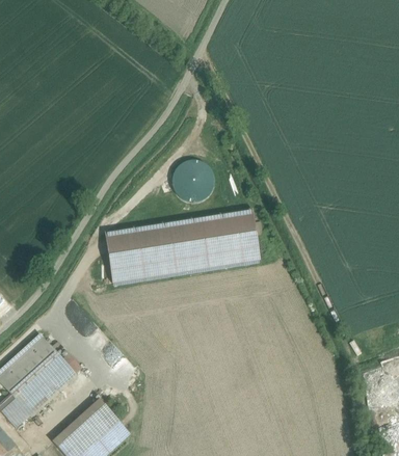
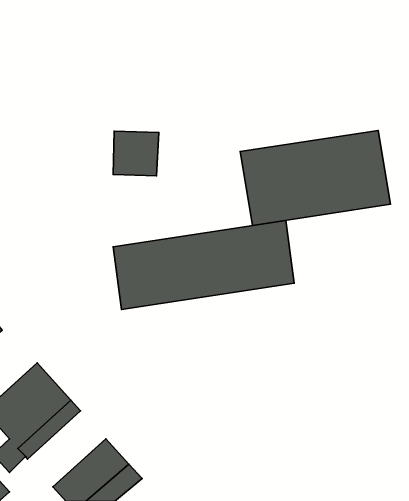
building: none -> [240,130,390,225]
building: [174,161,213,199] -> [113,131,159,176]

